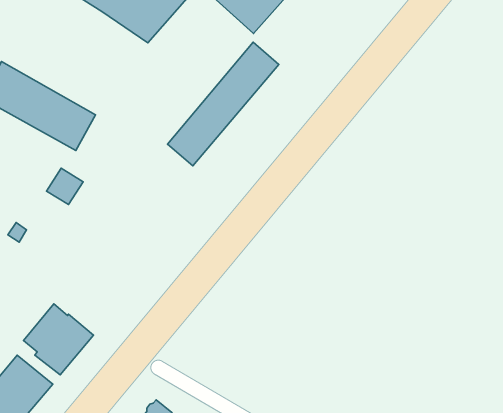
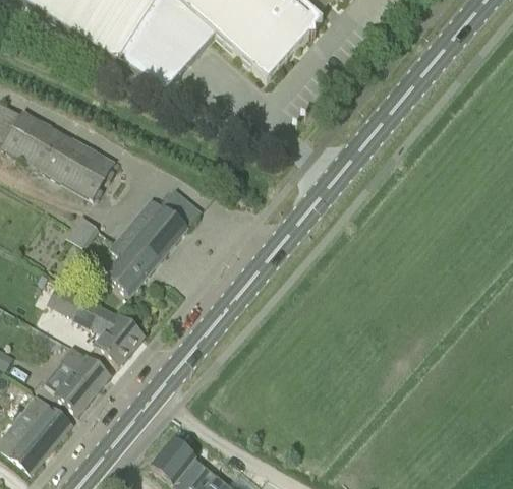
building: [168,42,279,166] -> none
building: none -> [104,189,201,296]
building: none -> [57,289,144,366]

